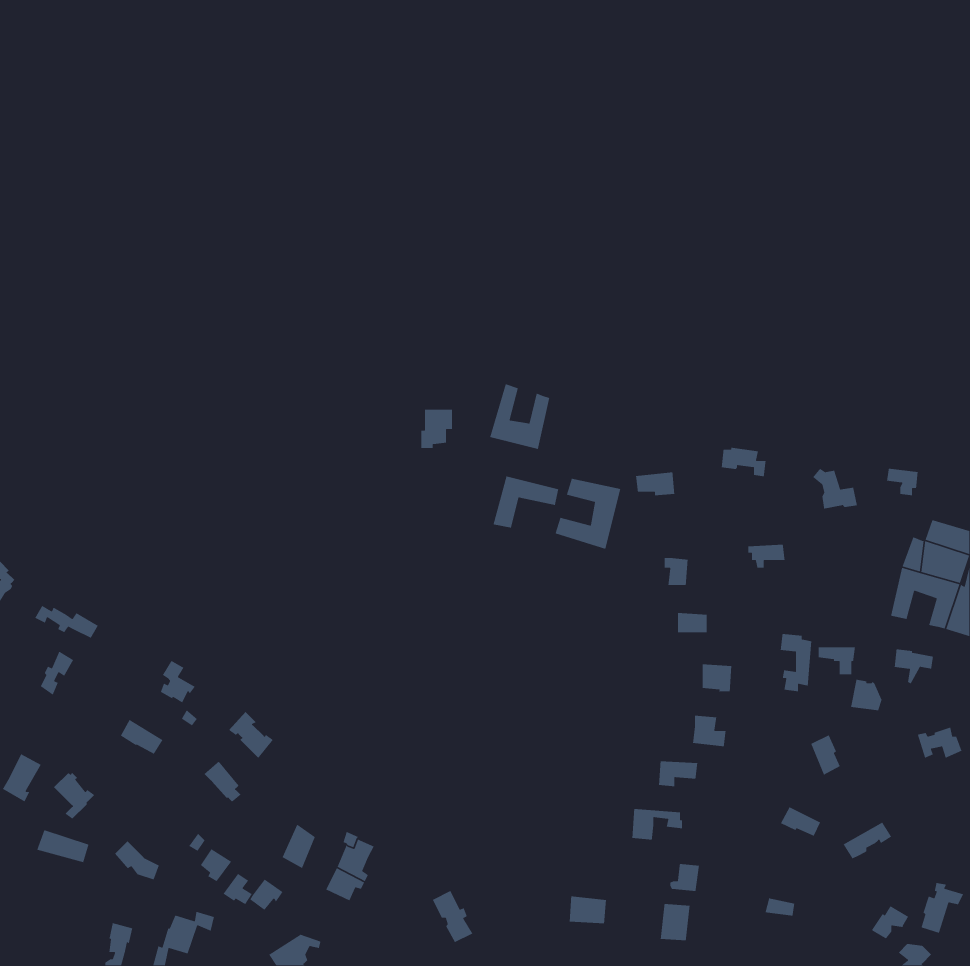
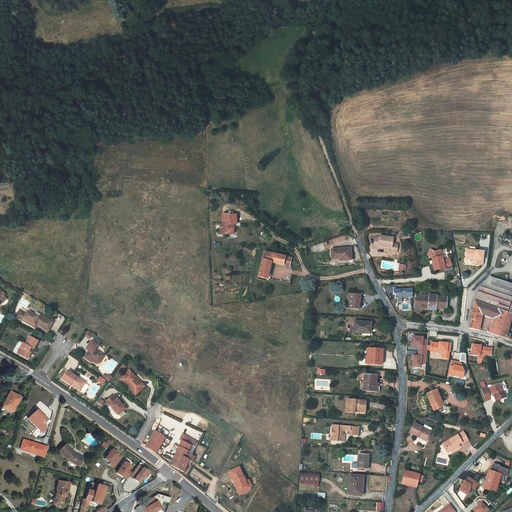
building: [489,383,550,450] -> none
building: [554,478,621,550] -> none
building: none -> [414,292,447,307]

